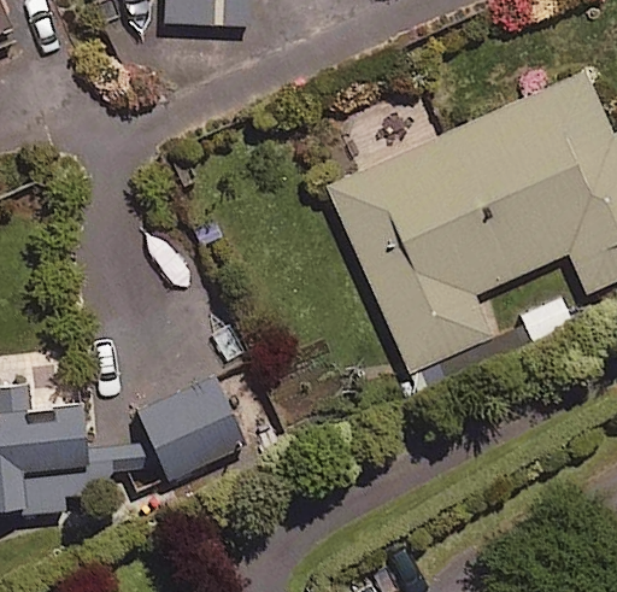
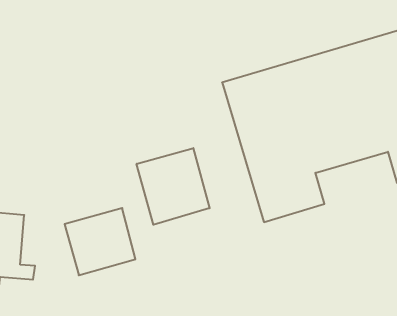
building: none -> [137,148,210,225]

